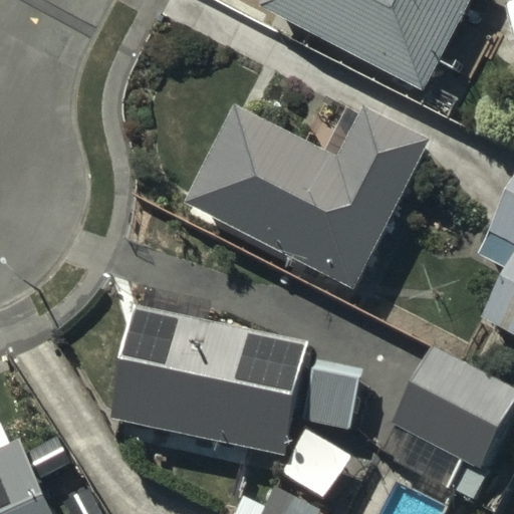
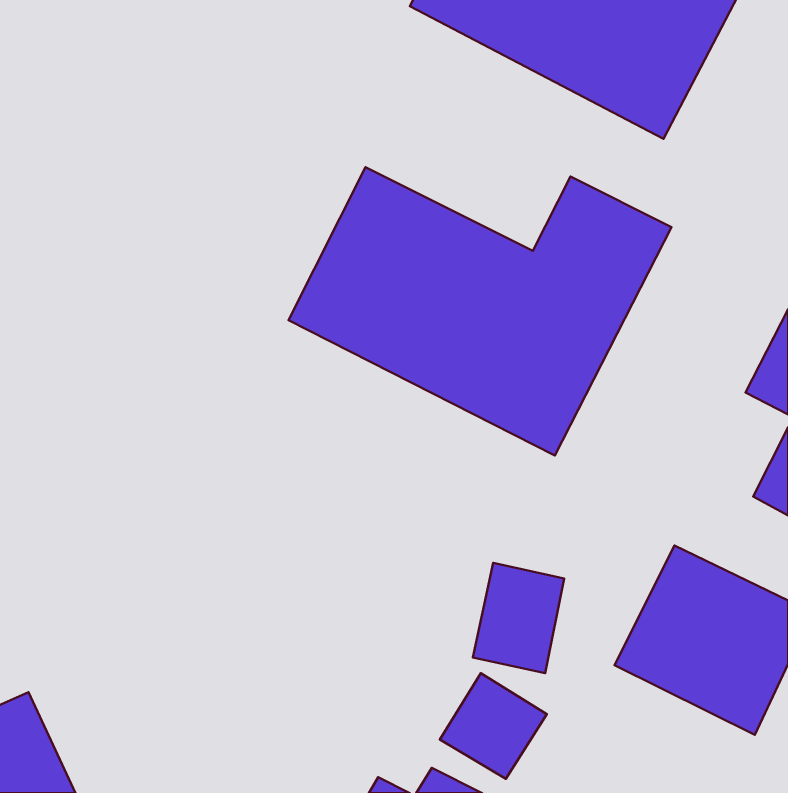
building: [113,308,306,453] -> none

